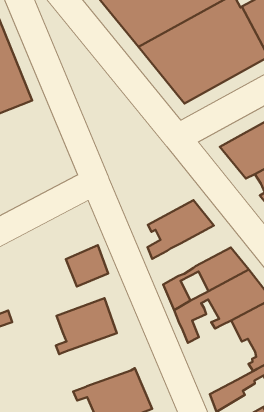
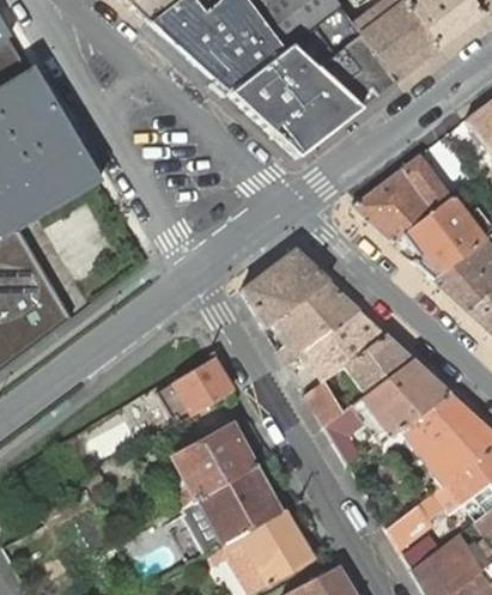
building: none -> [242,249,328,328]
building: none -> [300,309,385,395]
building: none -> [182,467,280,548]

